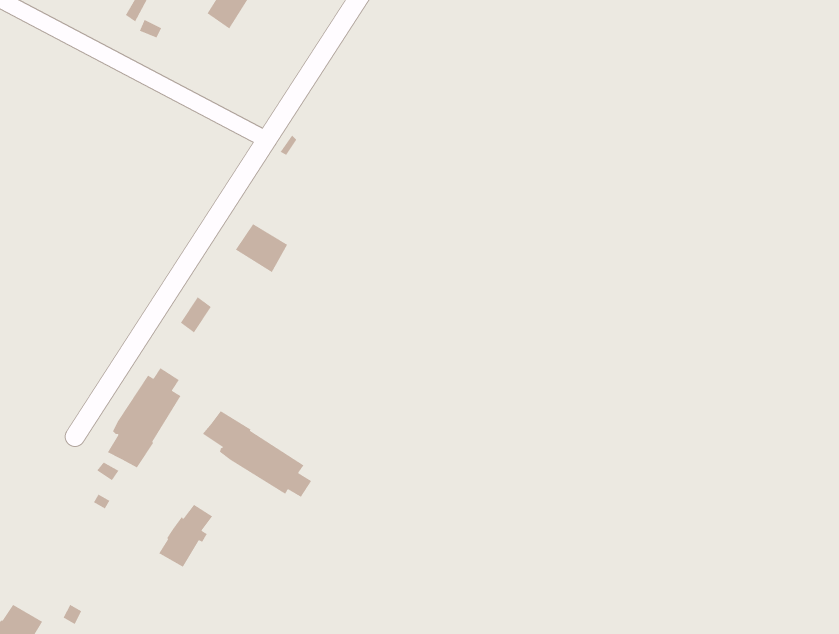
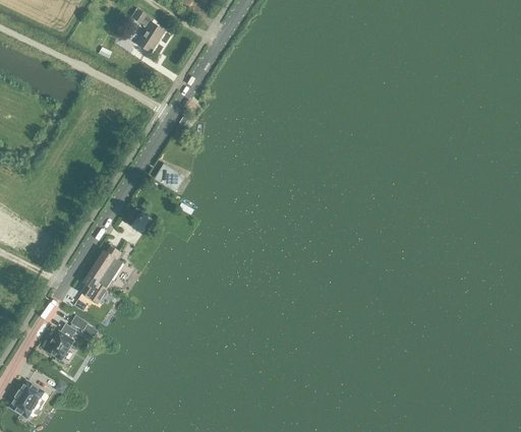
building: [202,410,312,498] -> none
building: [158,504,213,568] -> [46,323,77,360]

